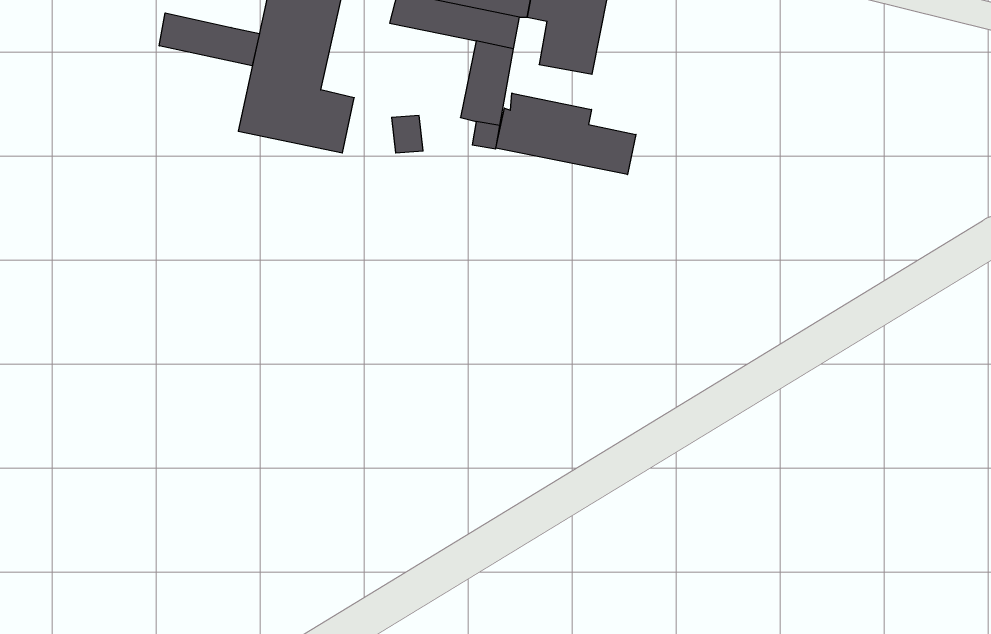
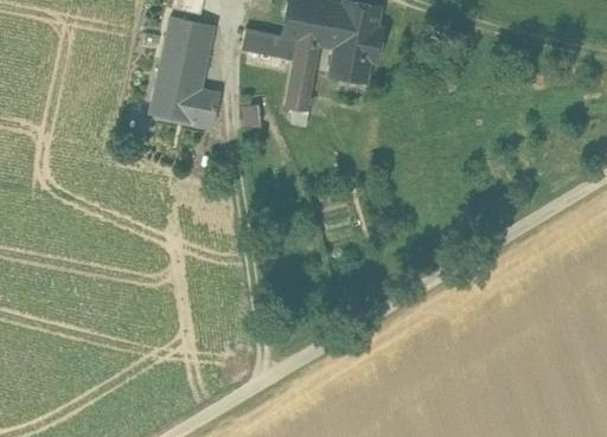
building: [159,13,259,66] -> none
building: [496,93,636,175] -> none

